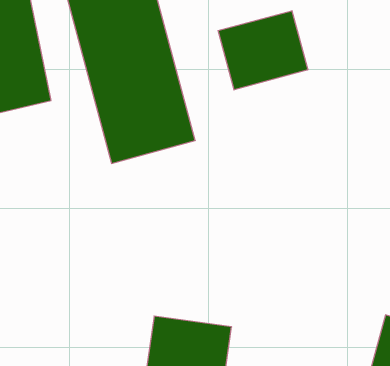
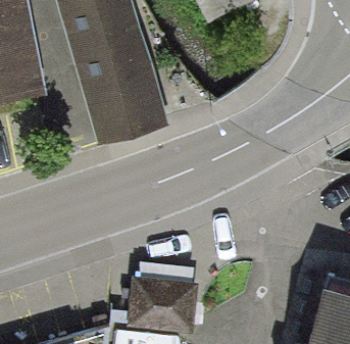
building: [218,11,308,90] -> none

